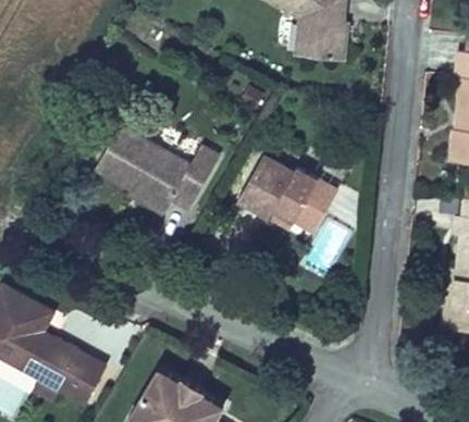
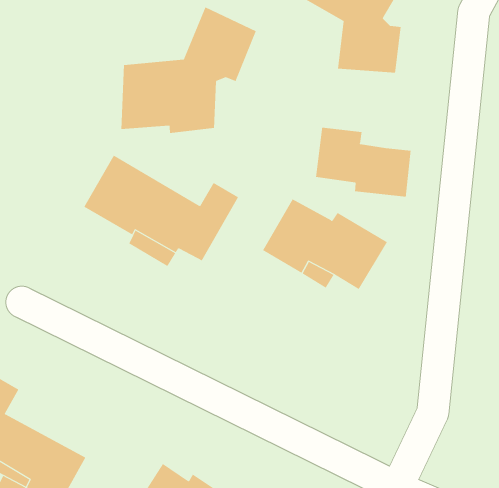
building: none -> [121,6,257,134]
building: none -> [316,127,411,197]

